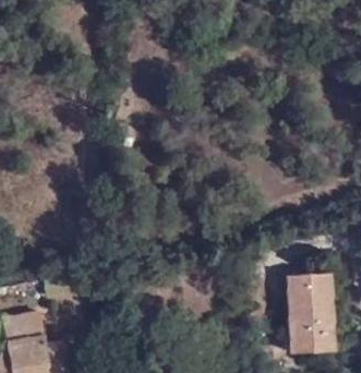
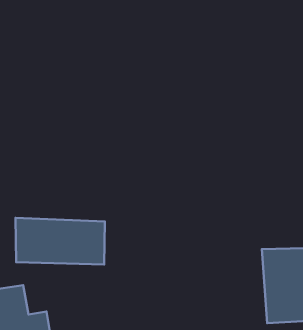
building: none -> [16,218,105,264]

